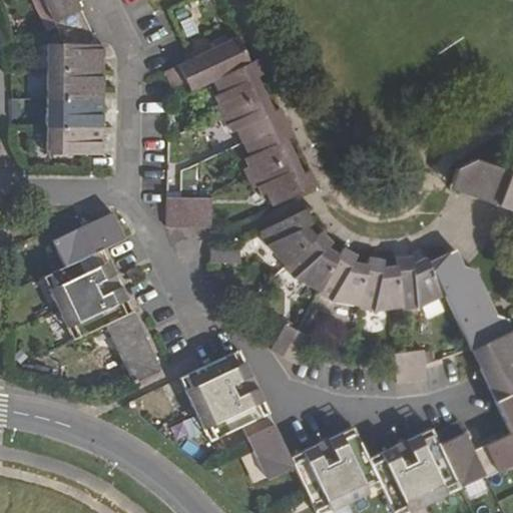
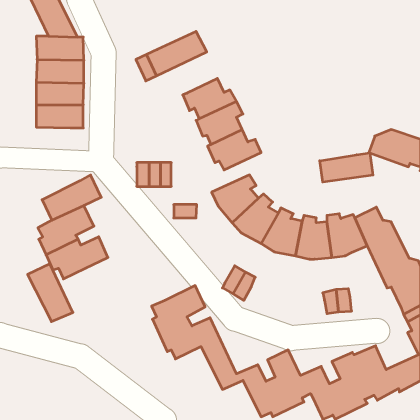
building: [208,60,266,113] -> none
building: none -> [320,153,373,182]
building: [105,313,160,383] -> [28,264,73,322]

